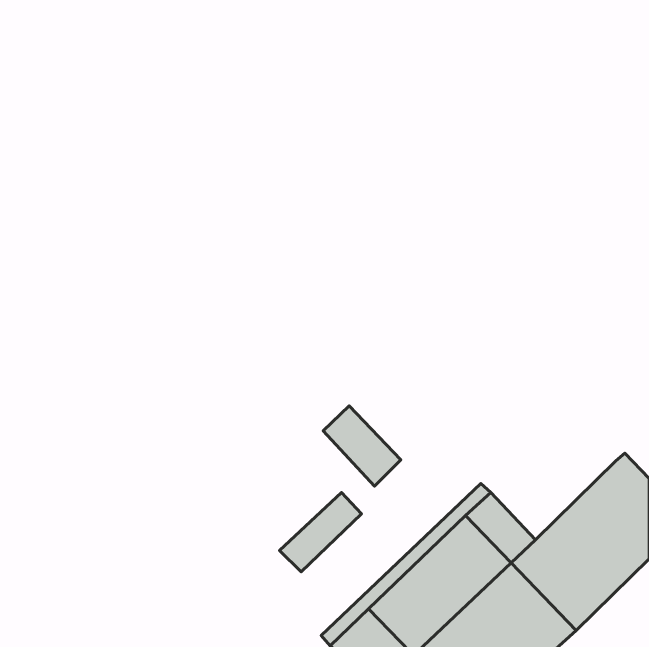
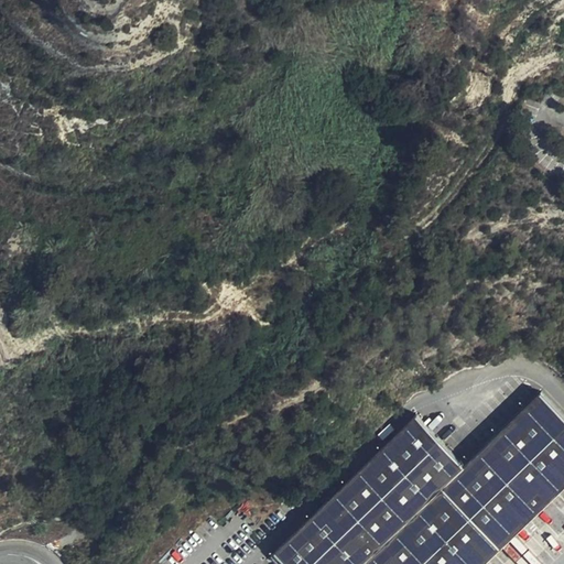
building: [323,406,401,486] -> none
building: [279,493,362,572] -> none

